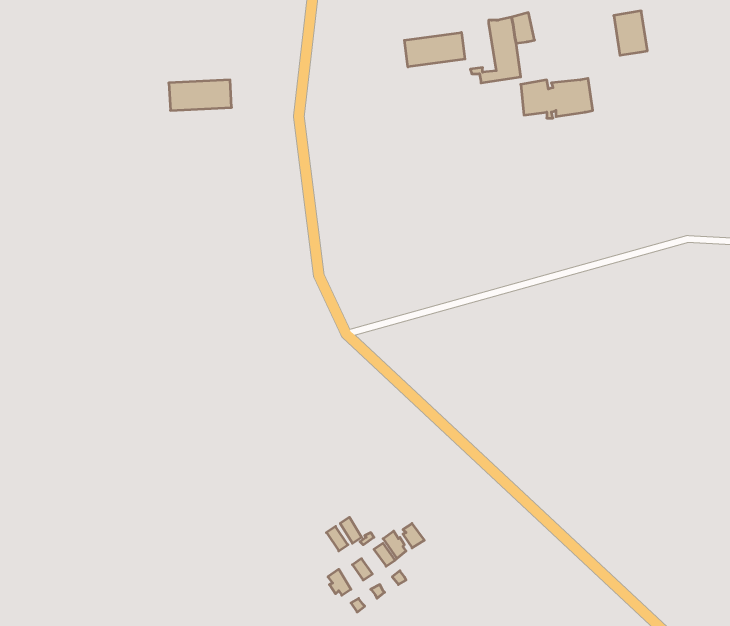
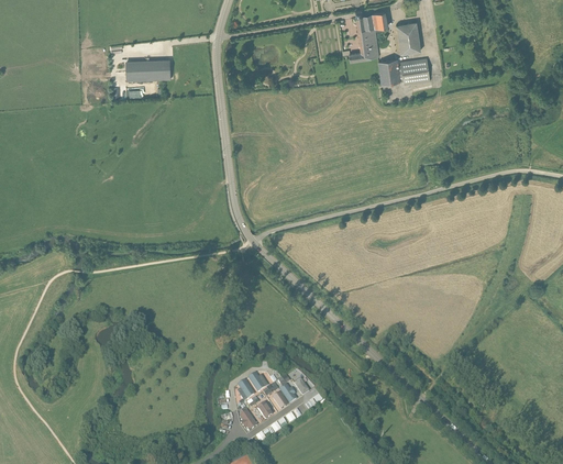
building: [614,11,647,55] -> [396,21,420,53]
building: [404,32,465,67] -> none

